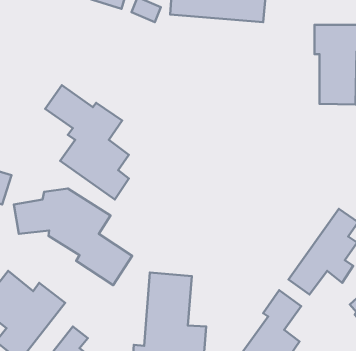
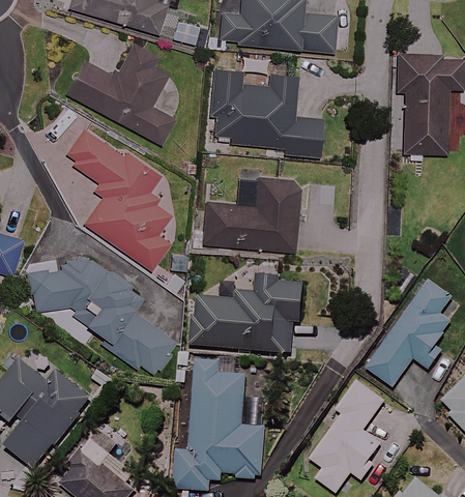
building: none -> [66,40,174,143]
building: none -> [209,68,324,156]
building: none -> [203,179,300,250]
building: none -> [187,275,306,352]

